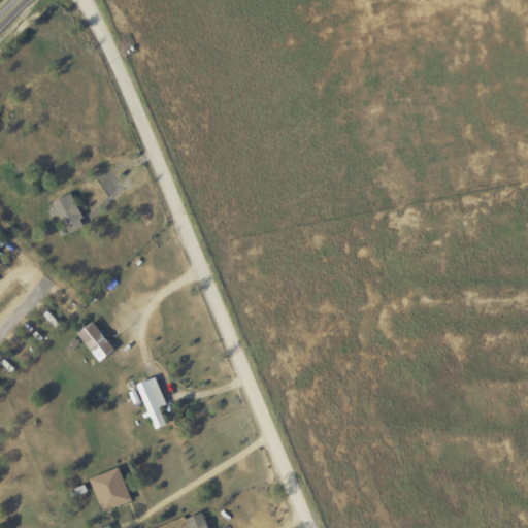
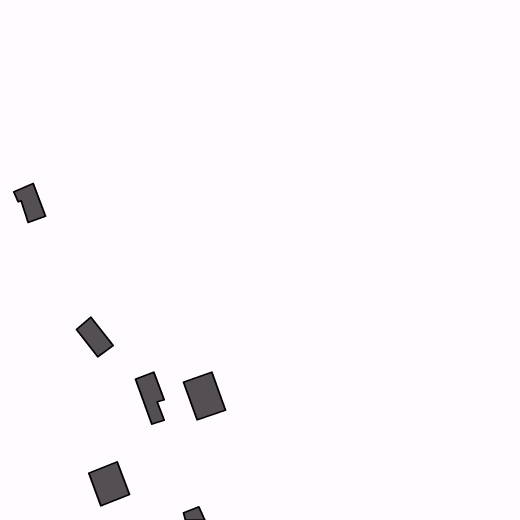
building: [52,193,84,232] -> [14,184,46,222]
building: none -> [183,372,226,420]

